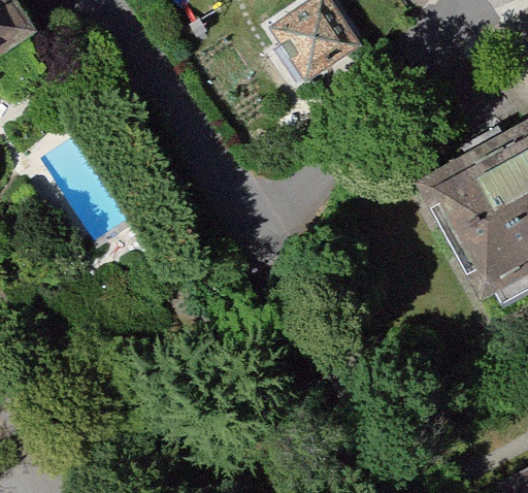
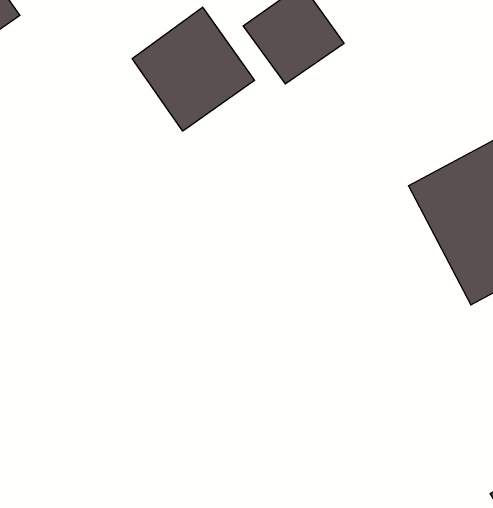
building: none -> [132,7,255,131]

